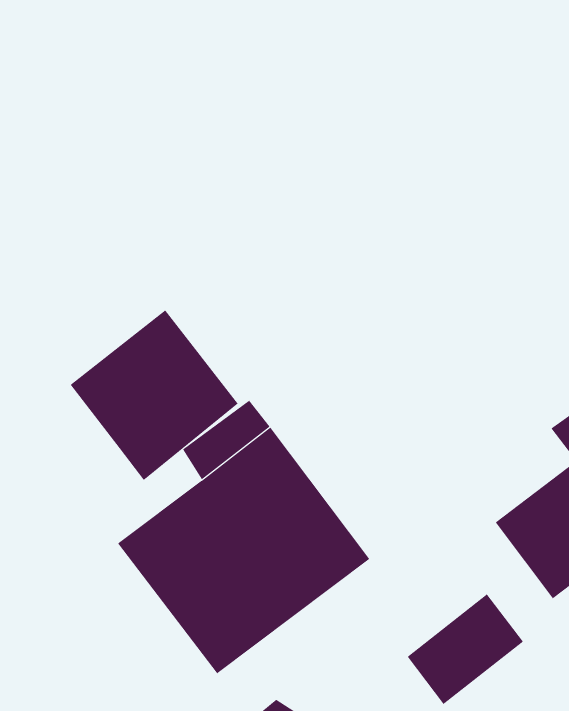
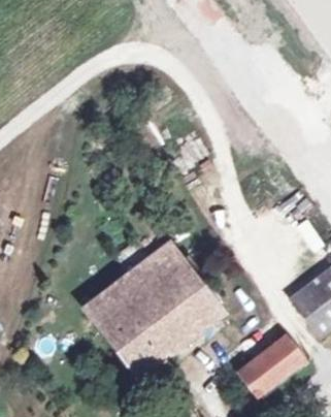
building: [70,310,239,481] -> none

